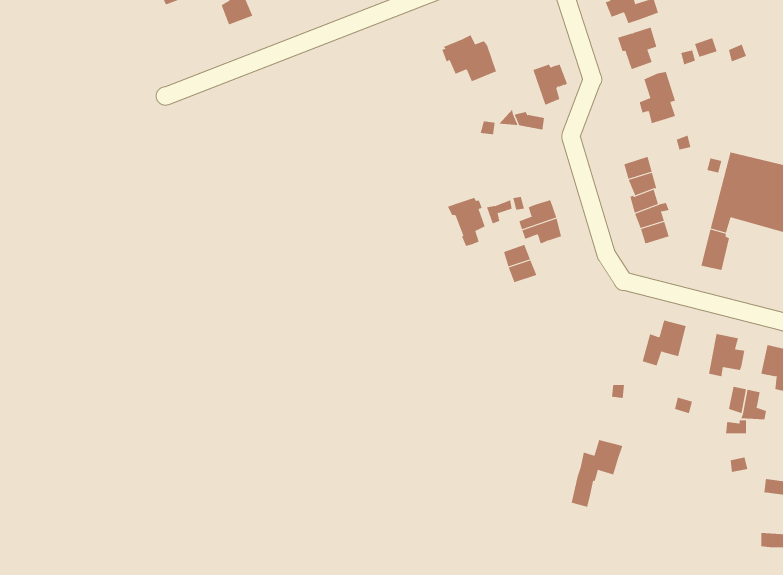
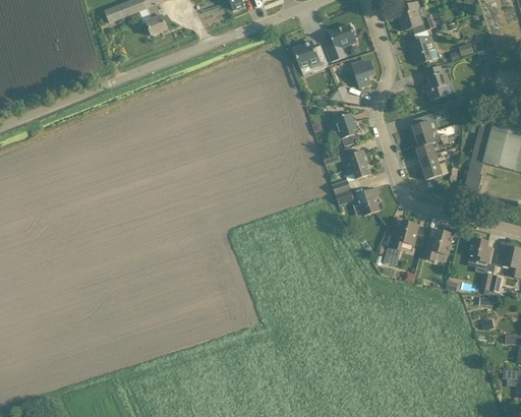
building: none -> [326,23,357,61]
building: [447,197,486,246] -> [333,113,358,145]
building: none -> [357,188,380,215]
building: [571,440,623,507] -> [385,221,419,265]

